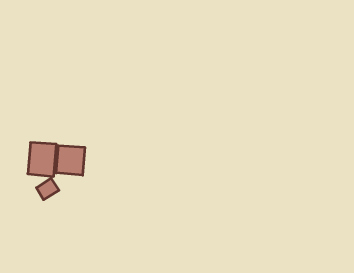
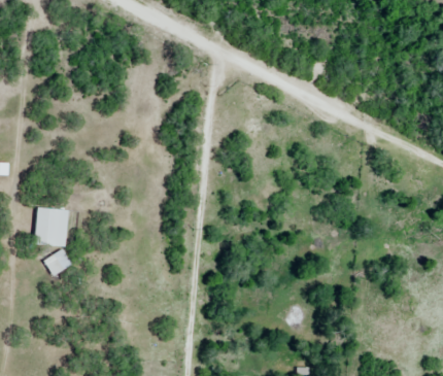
building: [56,146,85,175] -> none

